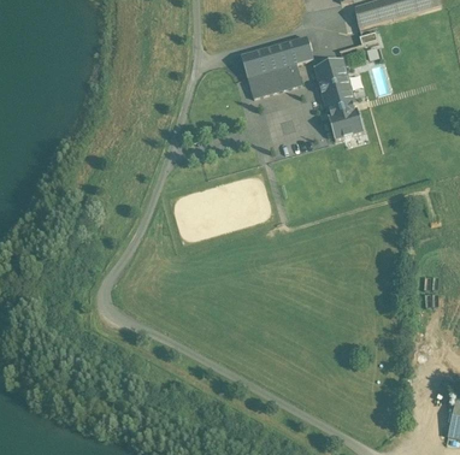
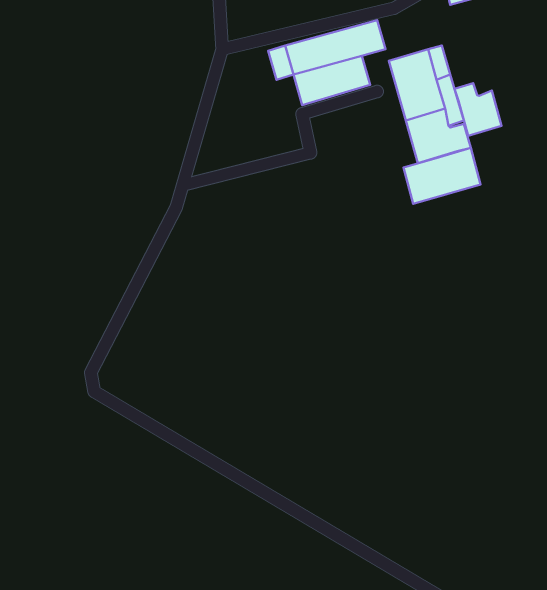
building: none -> [454,83,502,136]
building: none -> [403,148,480,204]

